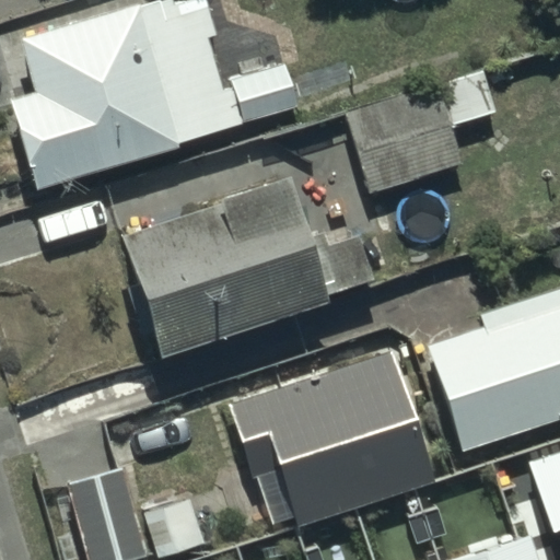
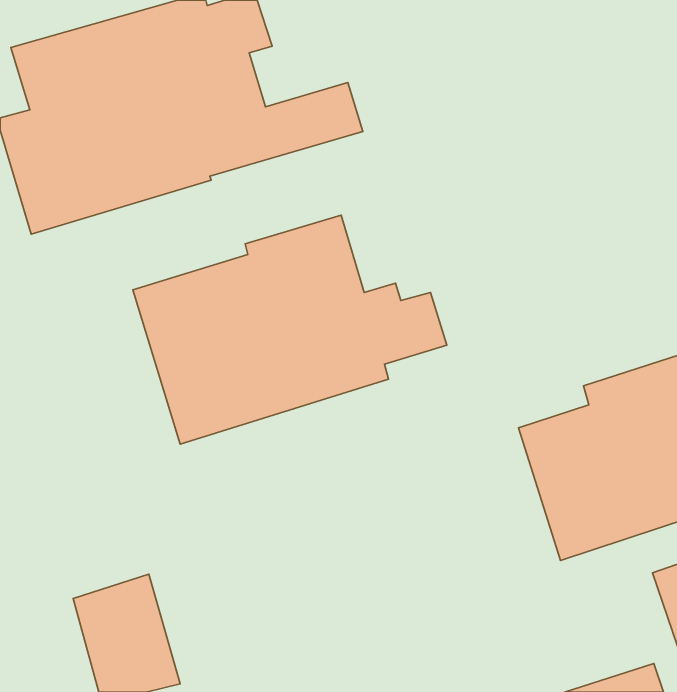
building: [349,60,533,192] -> none
building: [229,348,434,526] -> none

